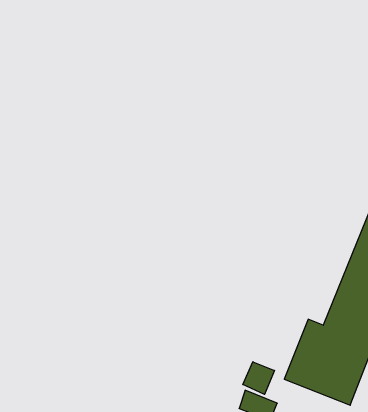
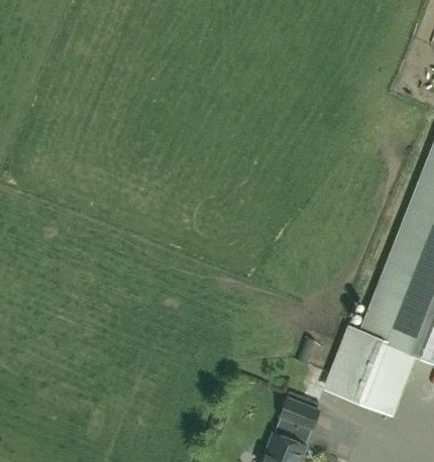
building: [243,362,274,394] -> none

